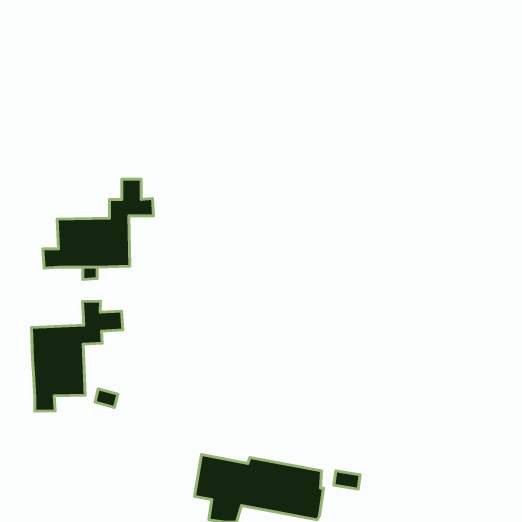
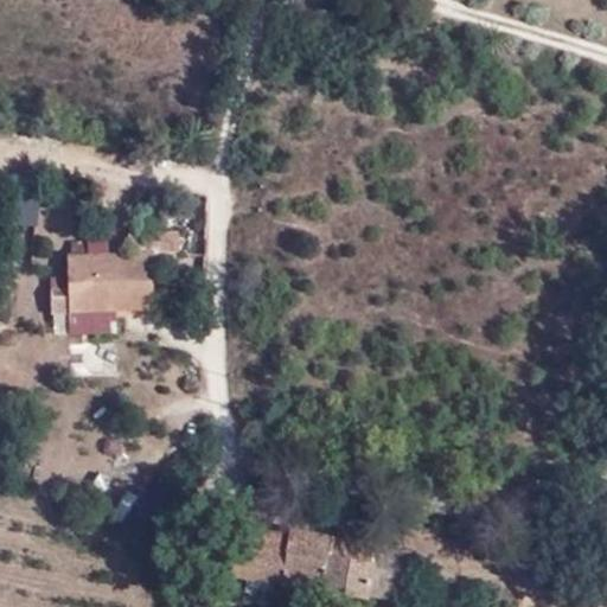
building: [31,301,123,411] -> none

